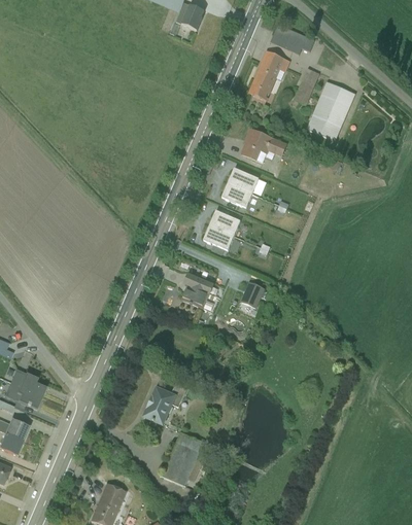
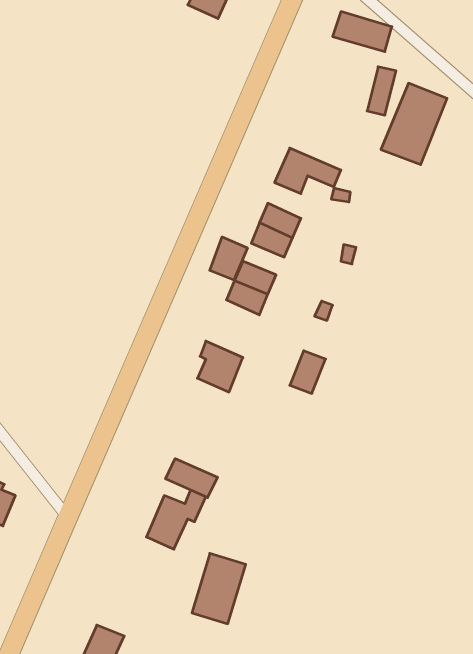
building: [247,50,285,101] -> none
building: none -> [210,237,247,280]
building: none -> [166,459,217,498]

